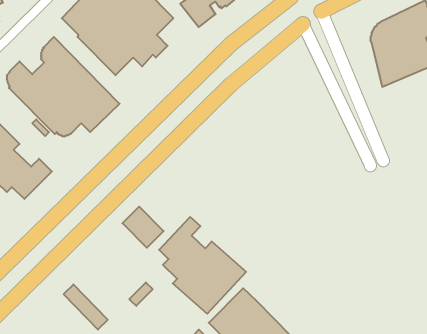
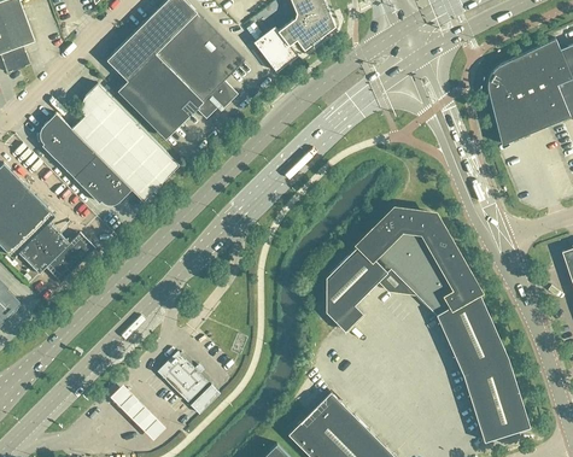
building: none -> [324,209,528,441]
building: [122,207,164,248] -> [156,351,206,402]
building: [159,217,246,314] -> none

